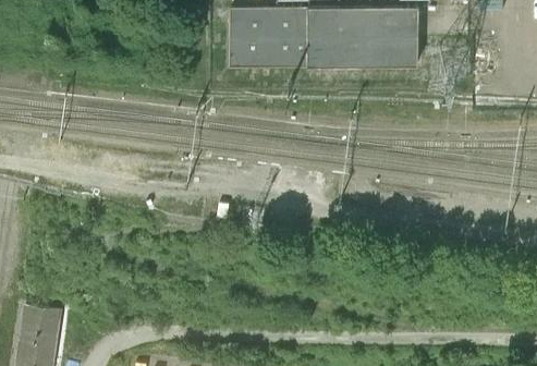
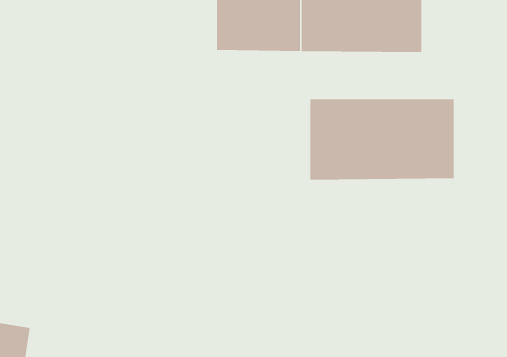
building: none -> [310,99,454,180]

